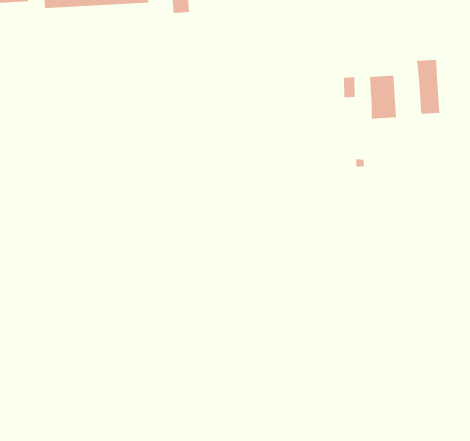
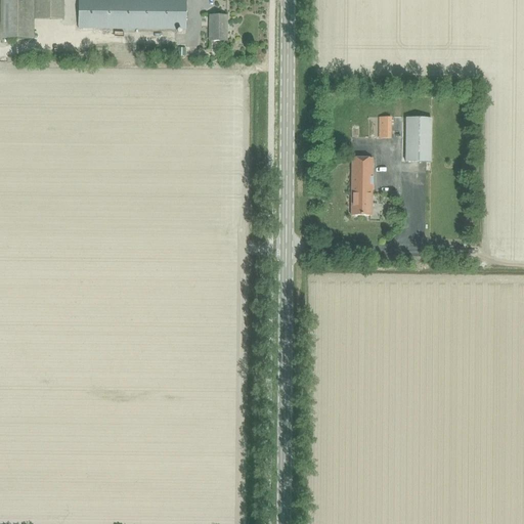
building: [416,59,440,115] -> none
building: none -> [351,157,372,214]

